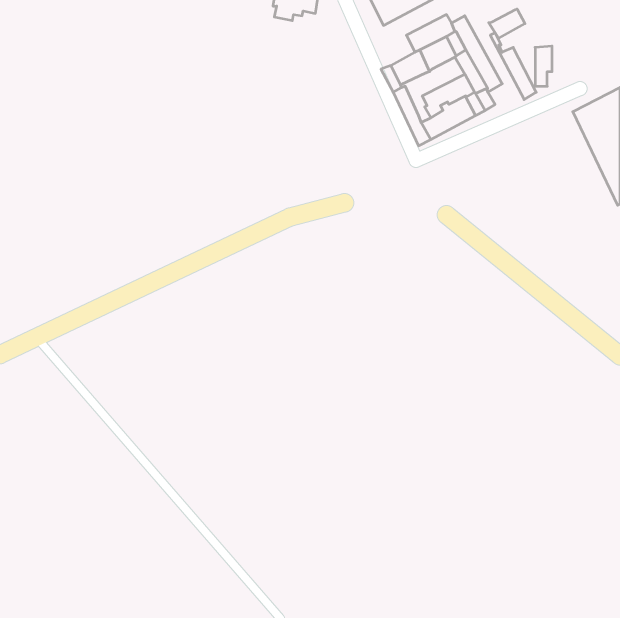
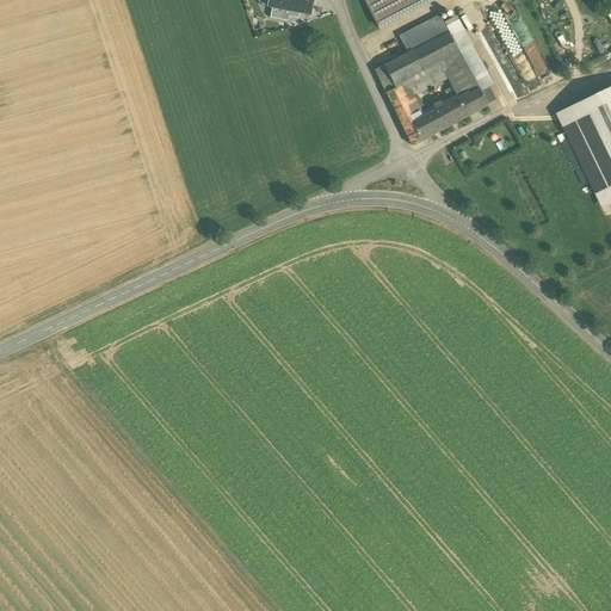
building: [489,9,525,38] -> none

